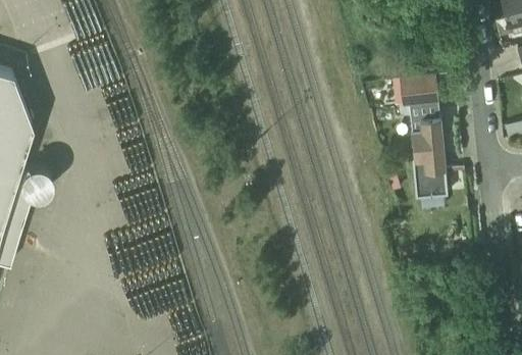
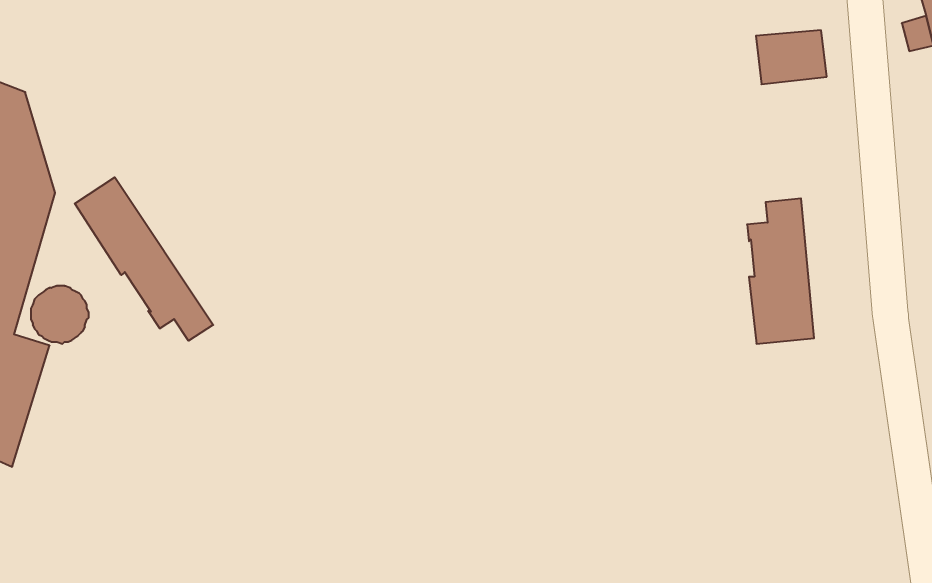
building: [400,78,438,107] -> [756,30,827,84]
building: none -> [75,177,213,341]

